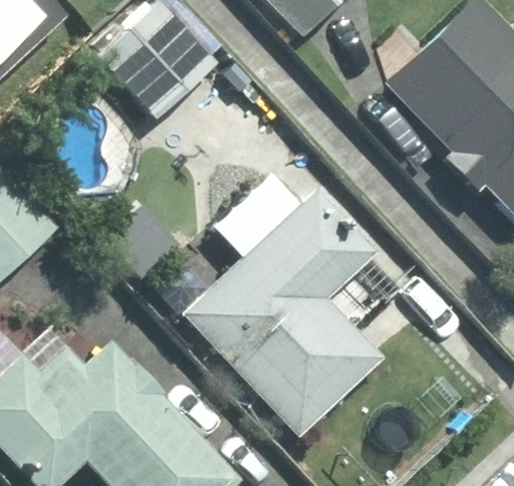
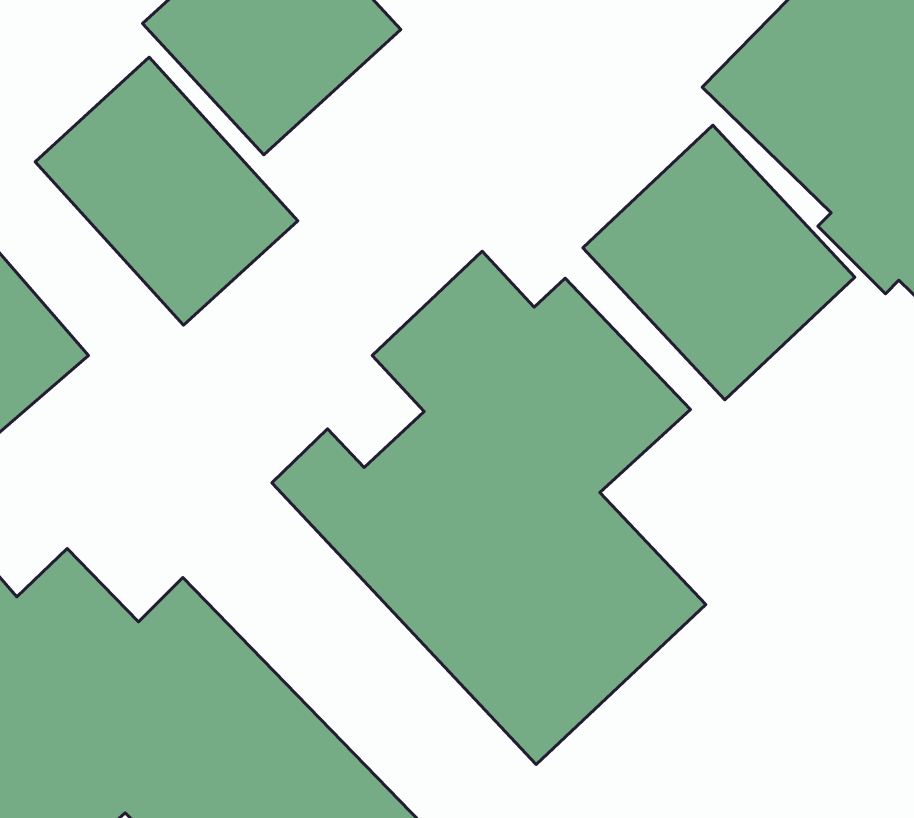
building: none -> [35,57,298,325]
building: none -> [583,125,855,400]

